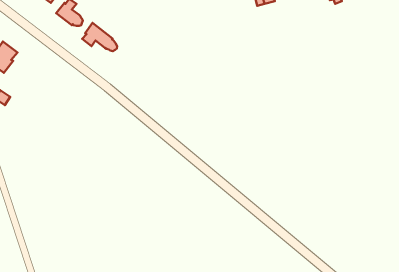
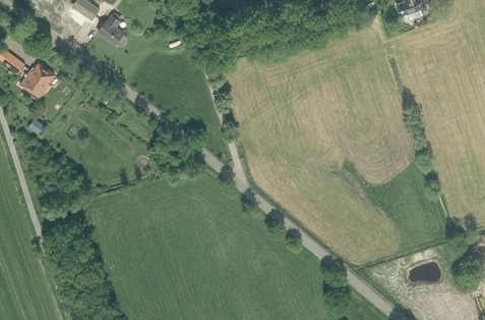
building: [82,23,117,51] -> none

